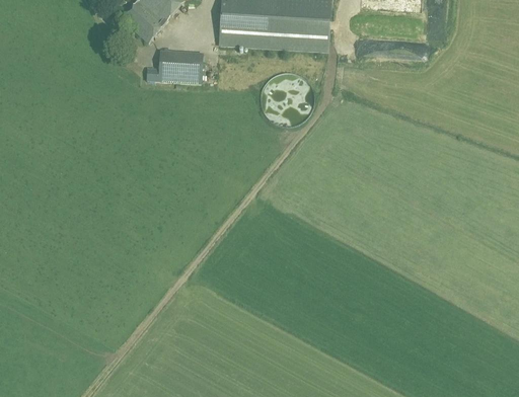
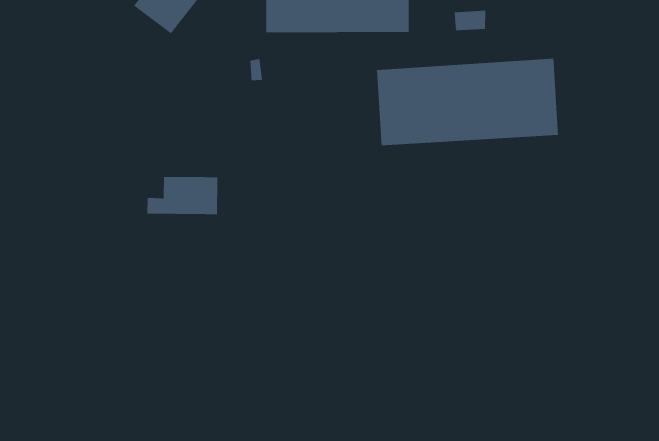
building: [146,52,202,83] -> [146,176,218,215]
building: none -> [376,58,558,146]

